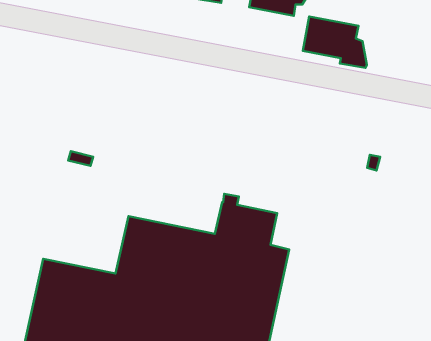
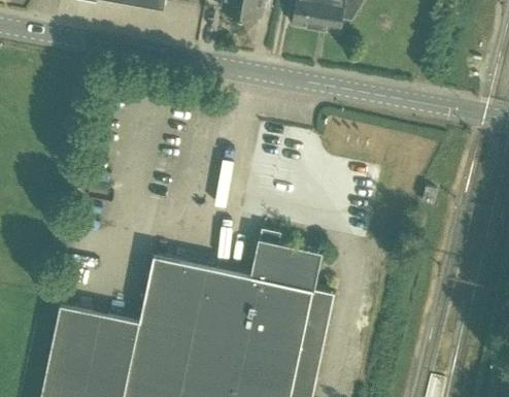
building: [303,16,367,68] -> none

